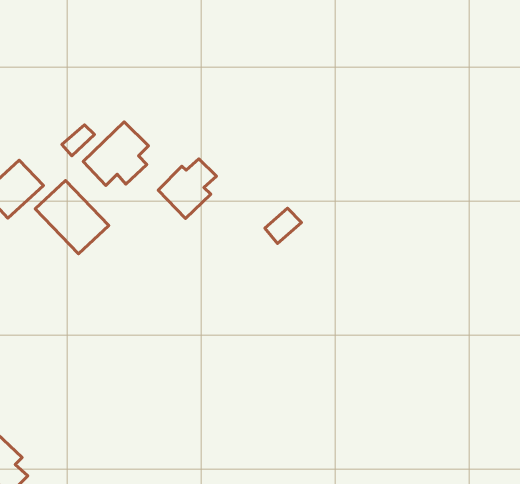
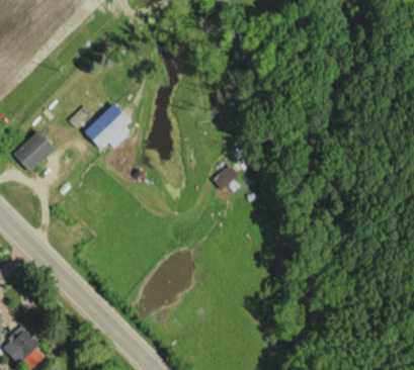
building: [158,159,217,219] -> none
building: [35,181,109,254] -> none

